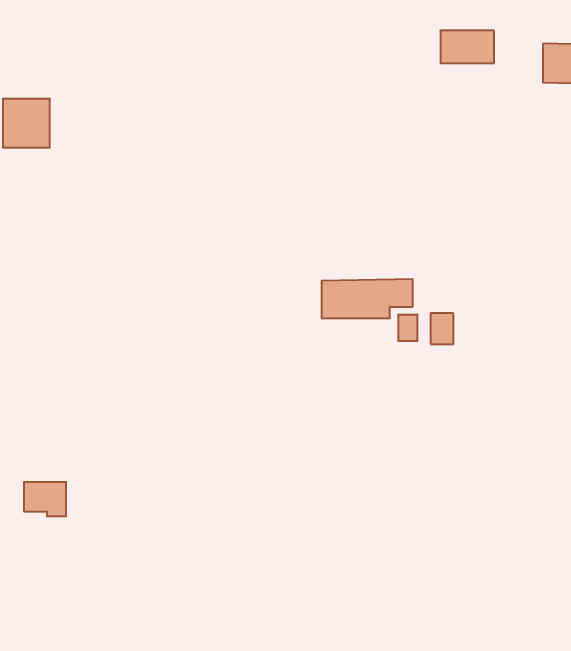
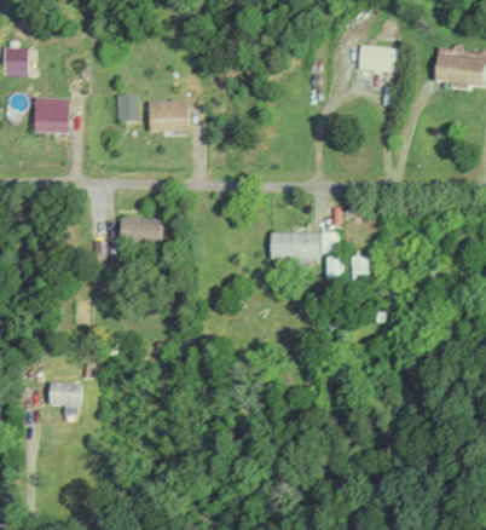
building: none -> [117,94,139,122]
building: none -> [147,102,189,131]
building: none -> [120,218,162,244]

